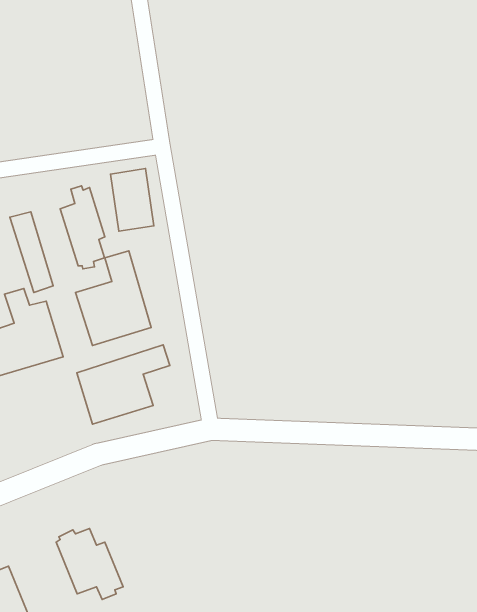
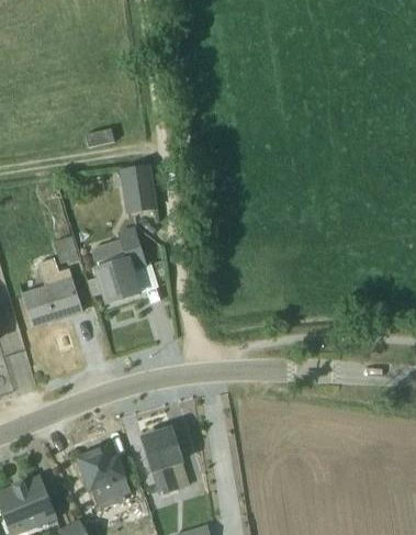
building: [60,186,105,269] -> none
building: [77,345,170,424] -> none
building: none -> [142,427,189,494]

